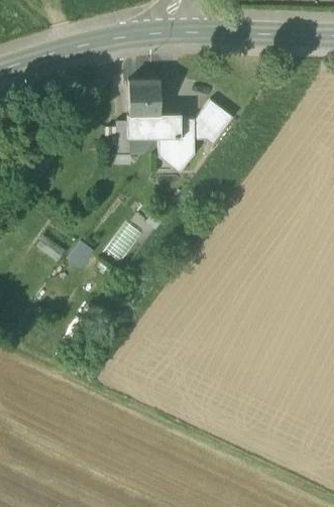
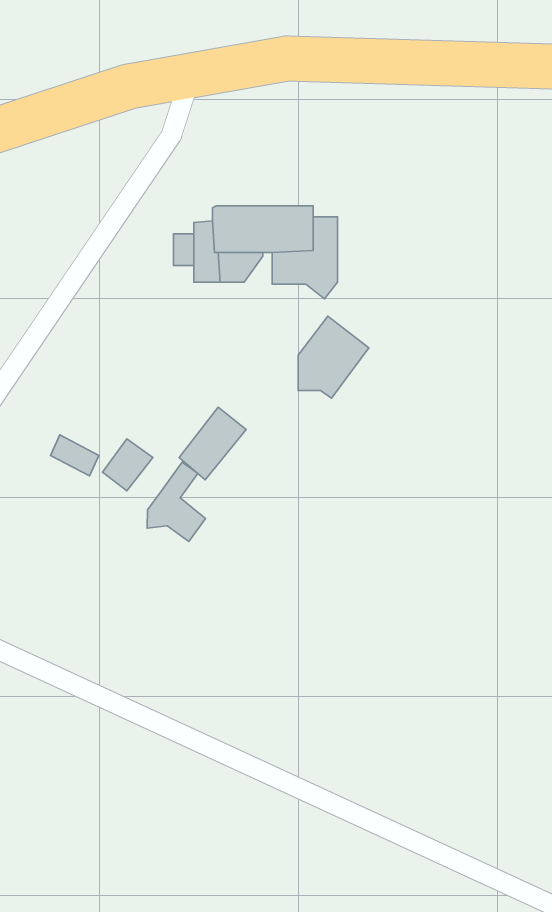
building: [128,80,159,113] -> none
building: [194,100,232,144] -> [298,316,369,398]
building: none -> [147,462,206,542]

